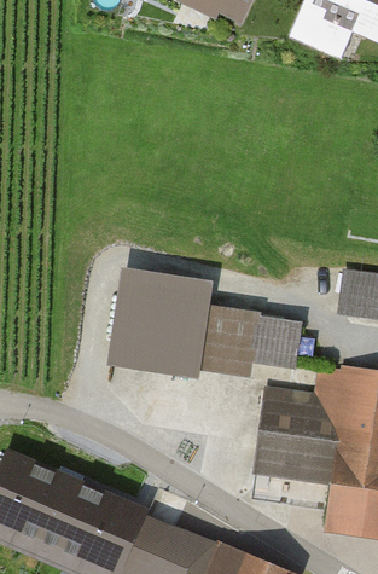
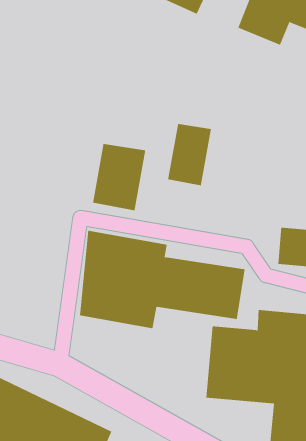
building: none -> [168,123,212,186]
building: none -> [92,143,146,211]

